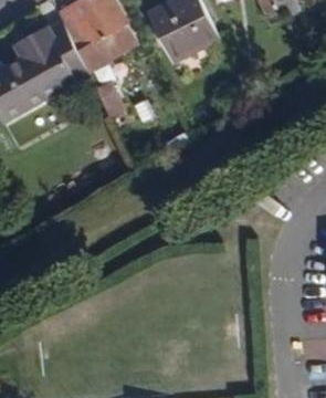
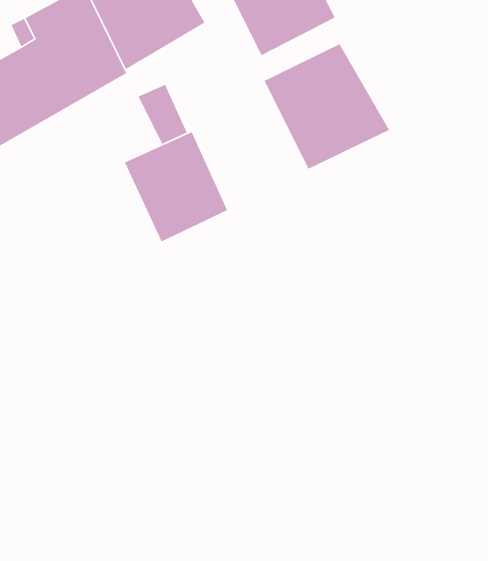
building: none -> [263,43,390,170]
building: none -> [124,131,228,243]

